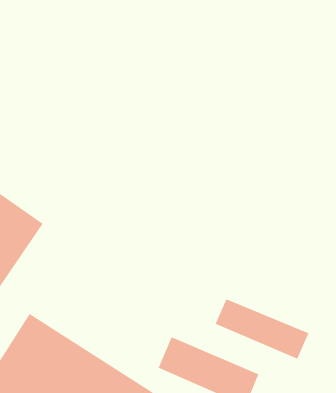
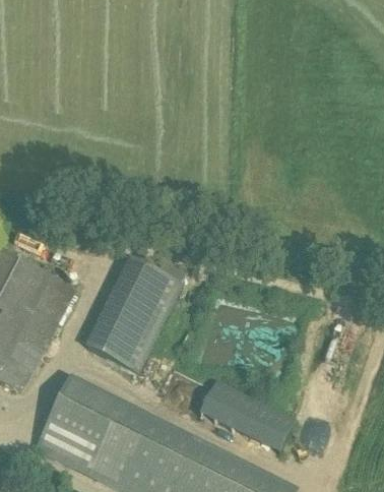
building: none -> [84,258,183,374]
building: [215,298,309,359] -> none

